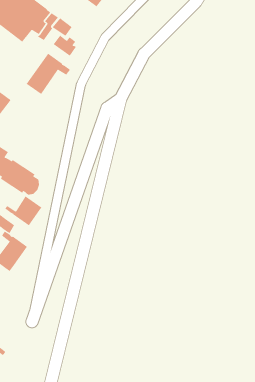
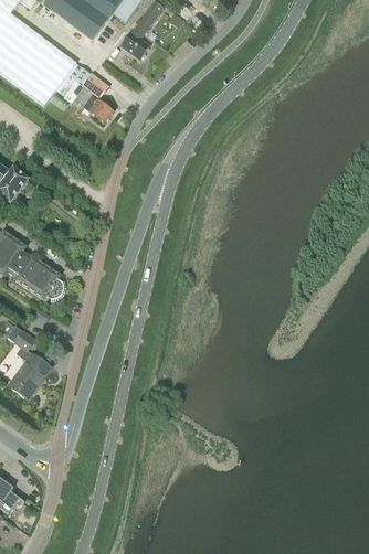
building: [26,53,71,95] -> none
building: [4,195,42,226] -> none

